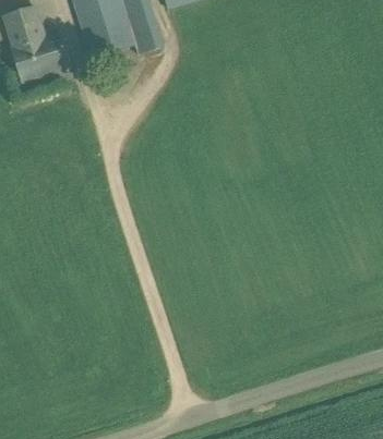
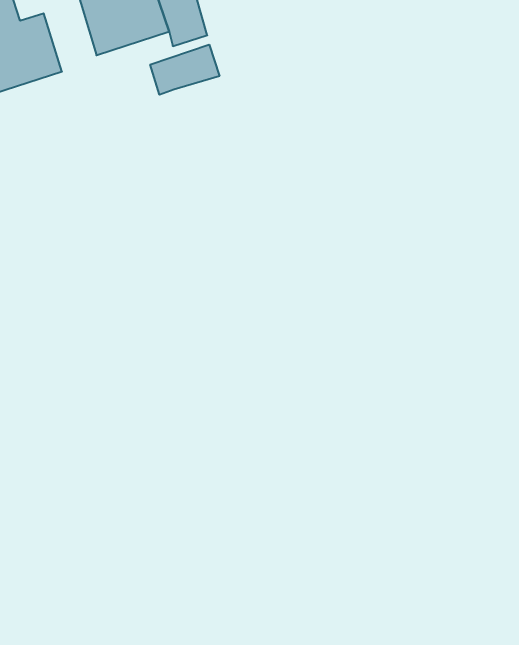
building: none -> [150,45,219,95]

